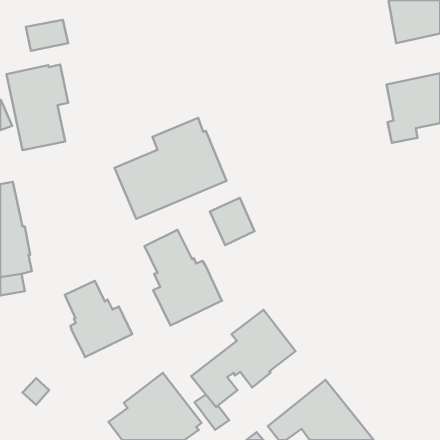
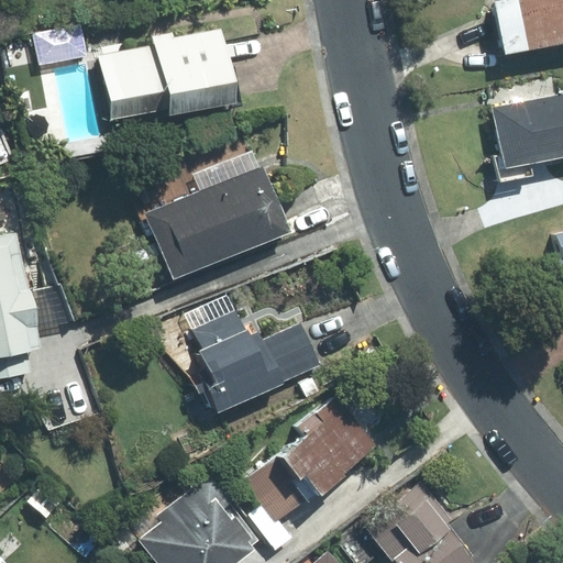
building: none -> [99,29,235,120]
building: [6,64,68,150] -> none
building: [210,198,254,245] -> [263,322,320,383]
building: [65,281,132,357] -> none

